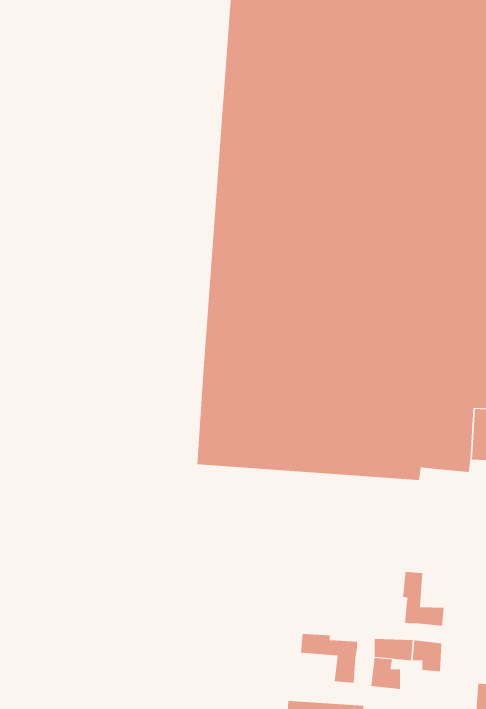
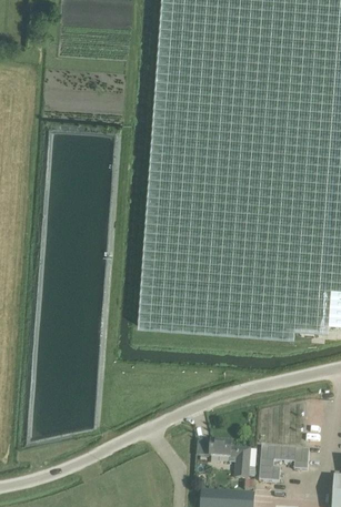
building: [403,571,444,626] -> none

